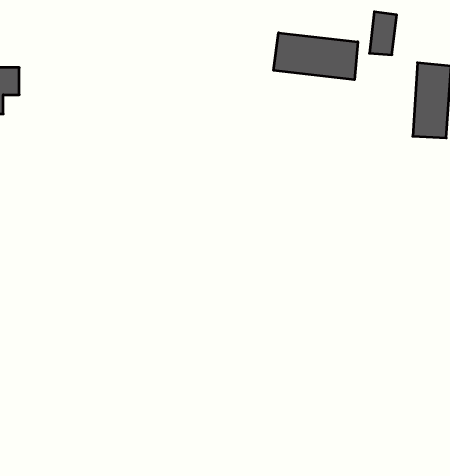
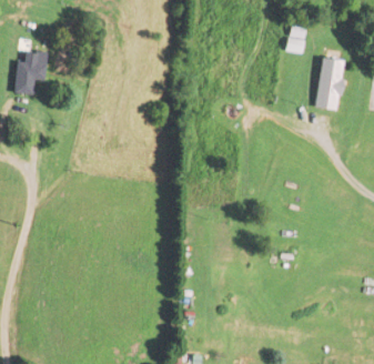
building: [274,33,358,80] -> none

